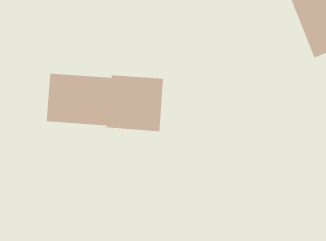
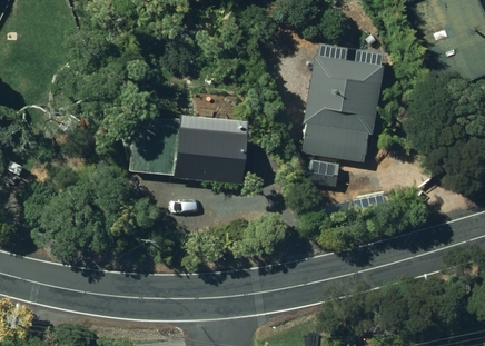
building: none -> [306,41,384,151]

